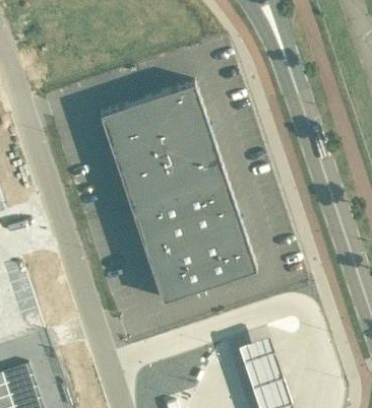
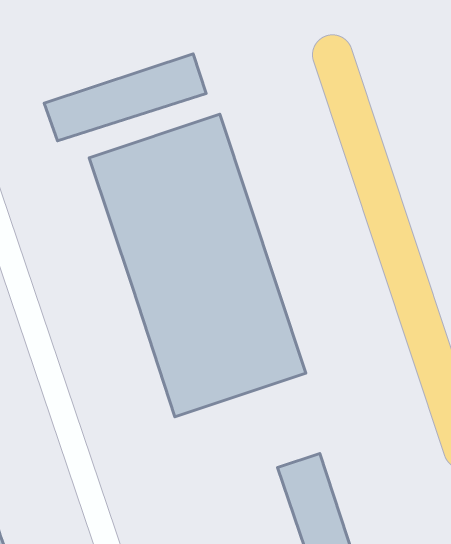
building: none -> [44,54,206,141]

